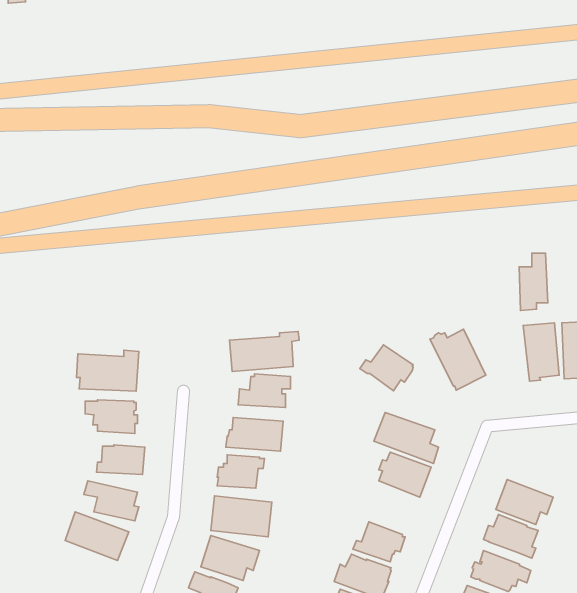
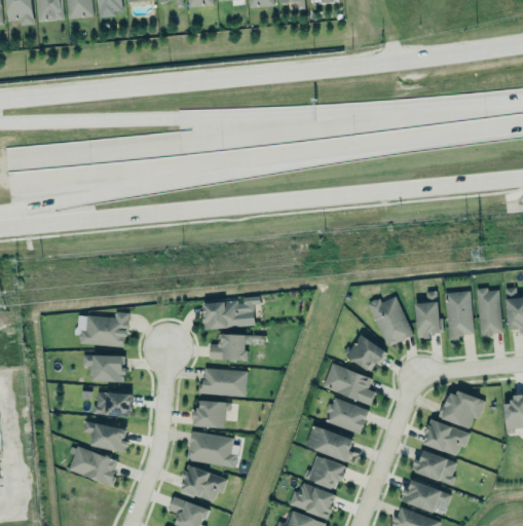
building: [519,253,548,310] -> [416,293,440,340]
building: [360,345,413,391] -> [342,334,386,372]
building: none -> [439,389,485,428]
building: none -> [305,424,353,463]

